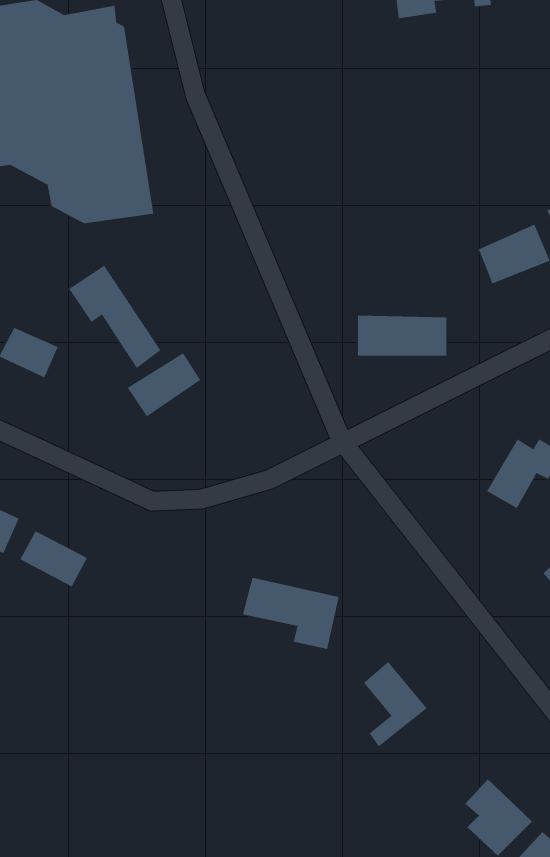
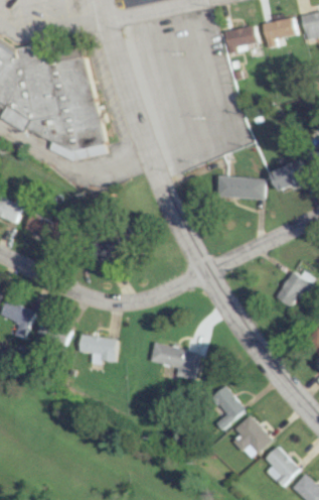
building: [69,265,161,369] -> none
building: [357,315,447,356] -> [218,176,265,198]
building: none -> [77,335,116,363]
building: none -> [232,414,272,460]

